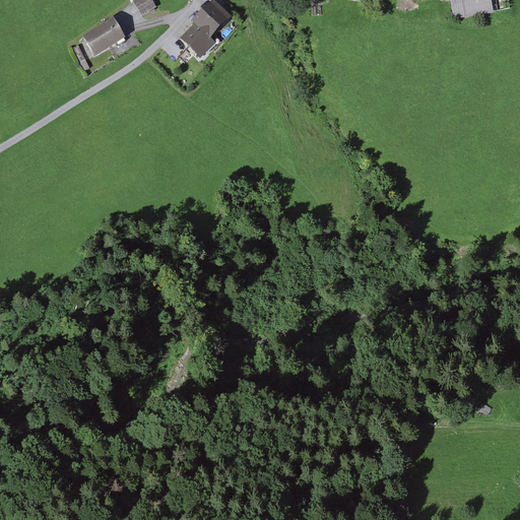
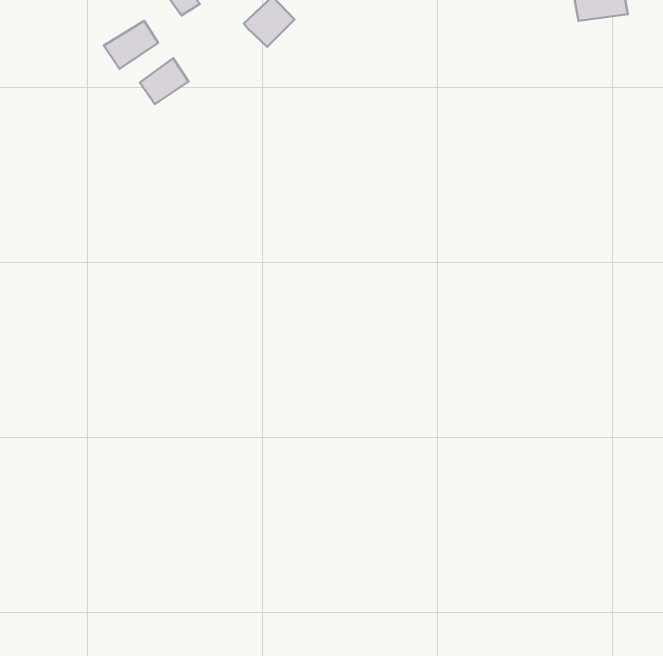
building: [181,22,213,55] -> none
building: none -> [140,58,189,104]

